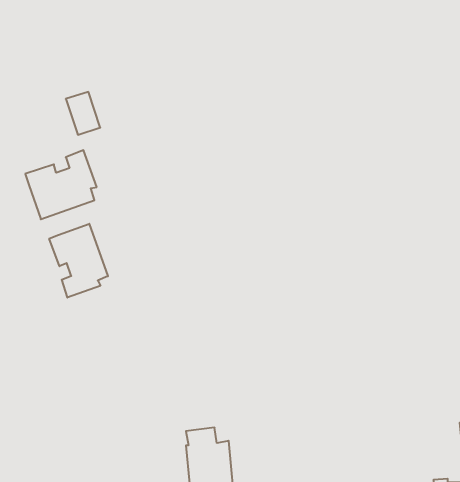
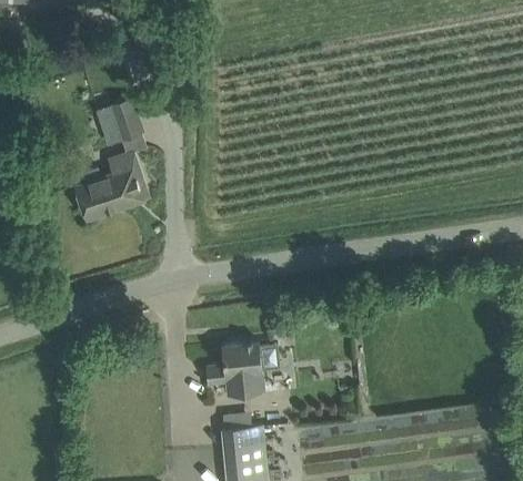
building: [49,224,108,298] -> none
building: none -> [205,345,279,399]

